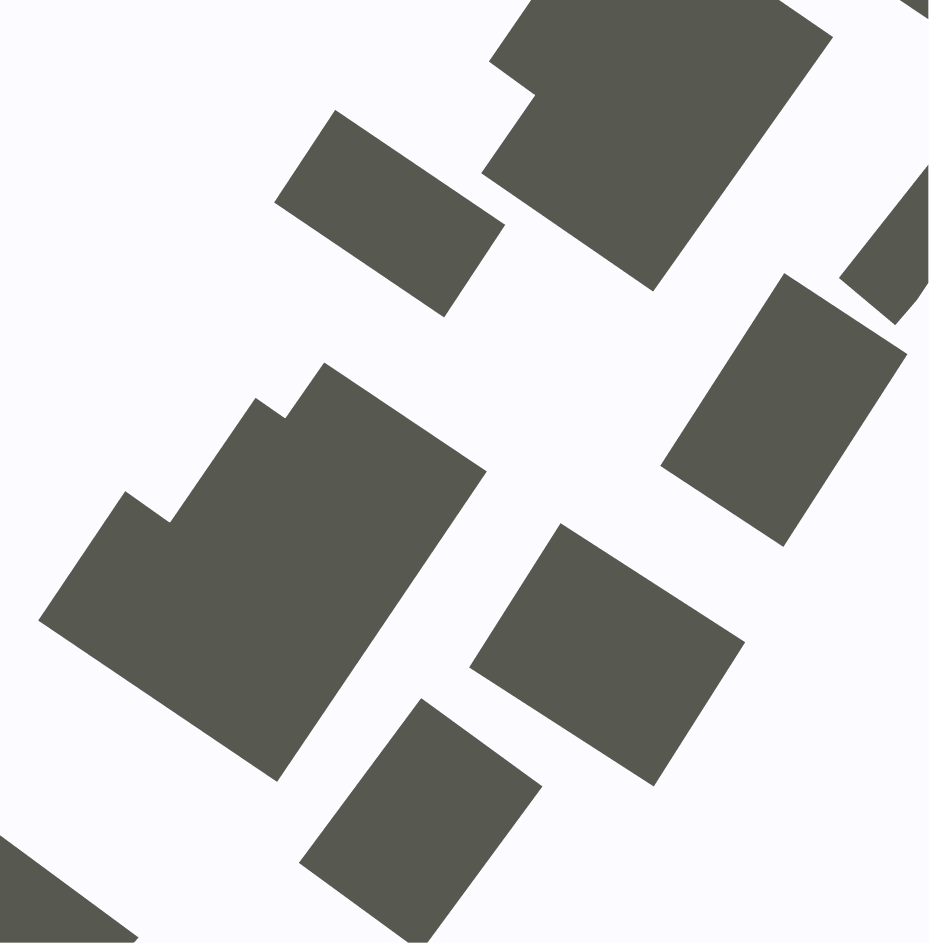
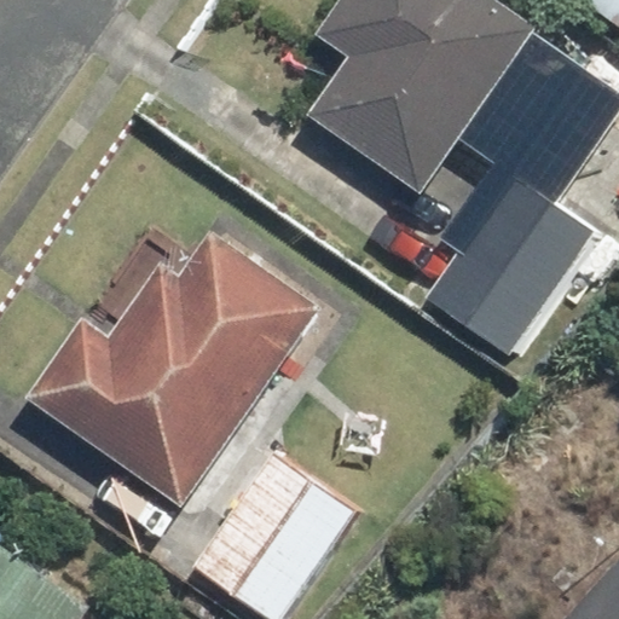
building: [273,109,506,318] -> none
building: [468,522,746,787] -> none

